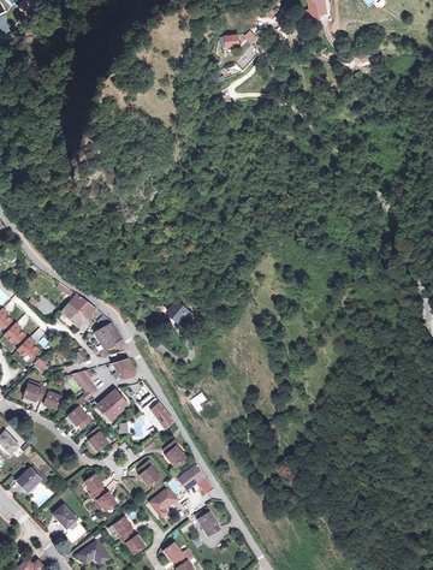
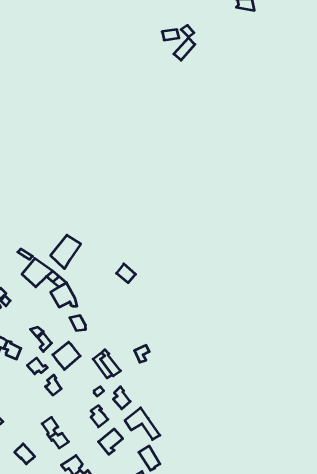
building: none -> [51,235,81,269]

